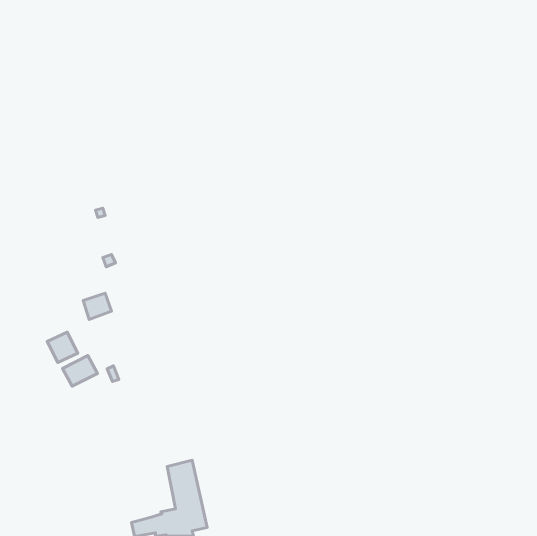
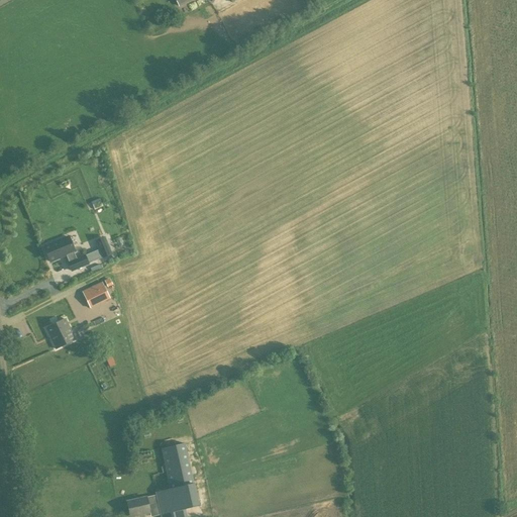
building: none -> [44,235,88,270]
building: [63,356,98,386] -> none

